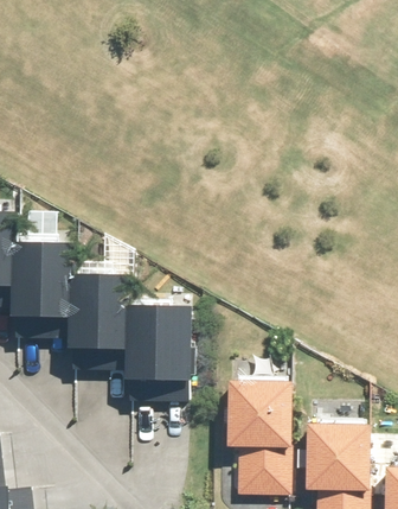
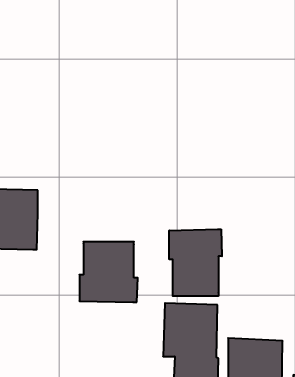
building: [66,272,129,346] -> none
building: none -> [169,229,222,296]

